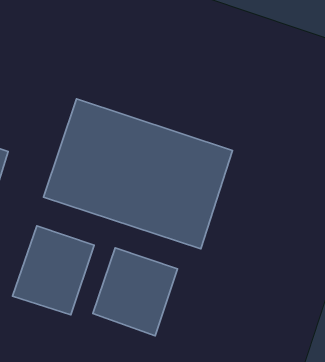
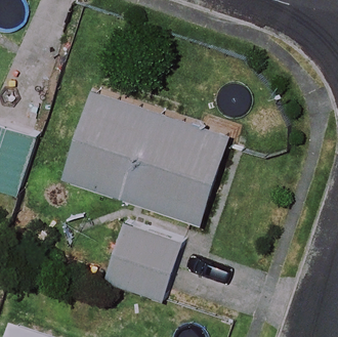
building: [13,226,94,315] -> none

